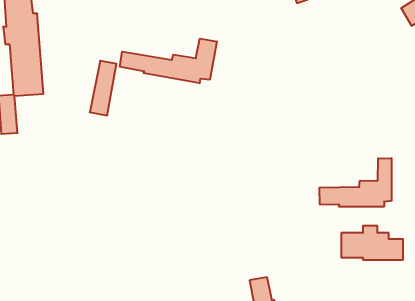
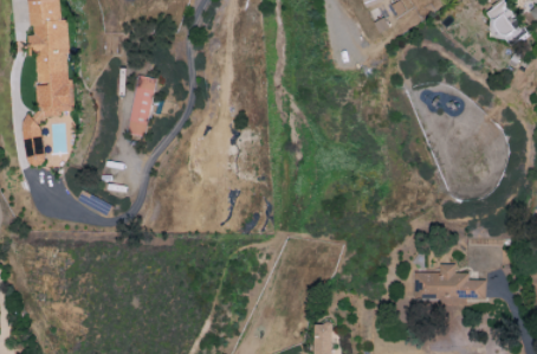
building: [120,39,217,83] -> none
building: [319,158,392,207] -> none

